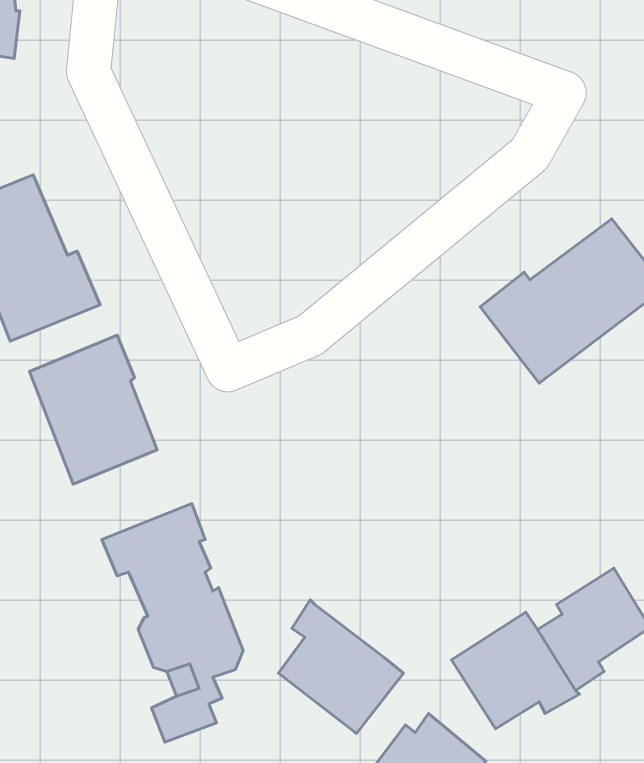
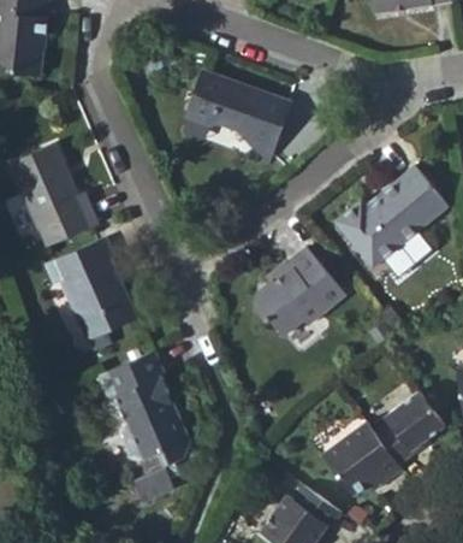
building: none -> [190,72,289,160]
building: none -> [239,242,343,336]
building: [279,600,404,734] -> none

